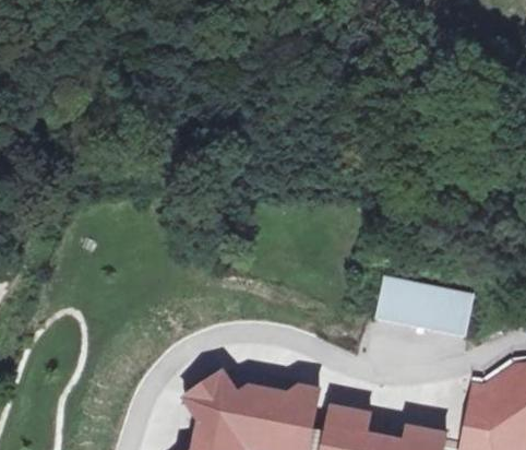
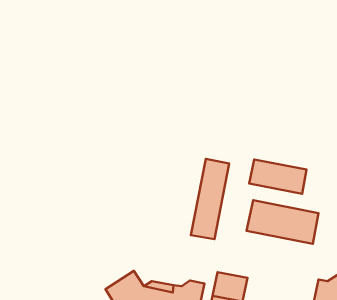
building: none -> [191,159,229,239]
building: none -> [249,159,306,194]

